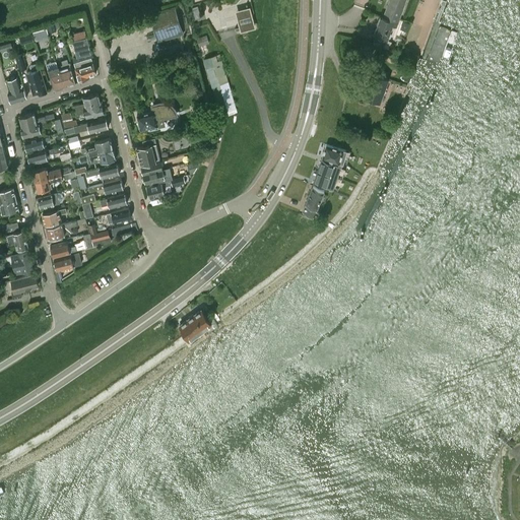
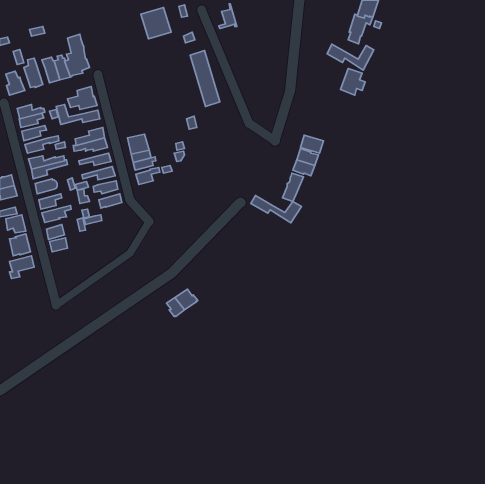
building: none -> [327,44,374,70]
building: [136,103,167,131] -> none
building: none -> [251,196,301,223]

